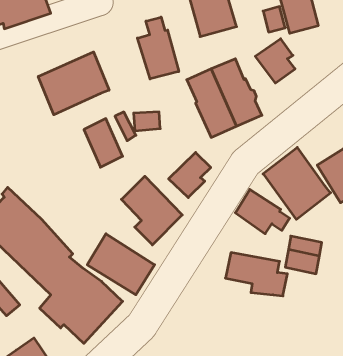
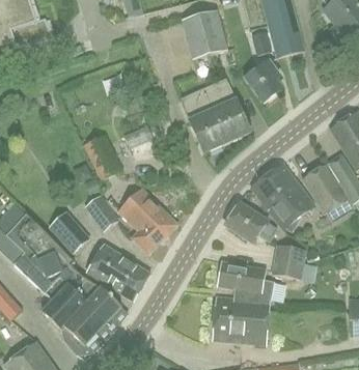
building: [137,17,179,79] -> none
building: [38,52,109,115] -> none
building: [169,152,211,198] -> none
building: none -> [85,194,119,230]
building: none -> [49,210,91,253]
building: none -> [212,295,270,343]

